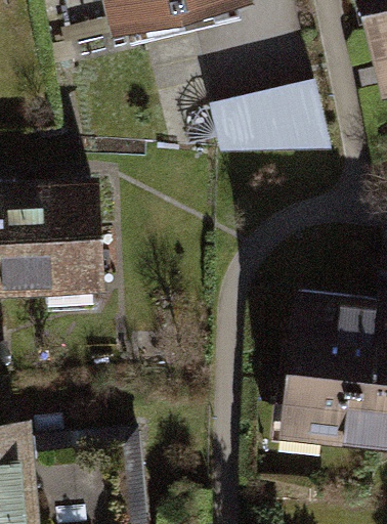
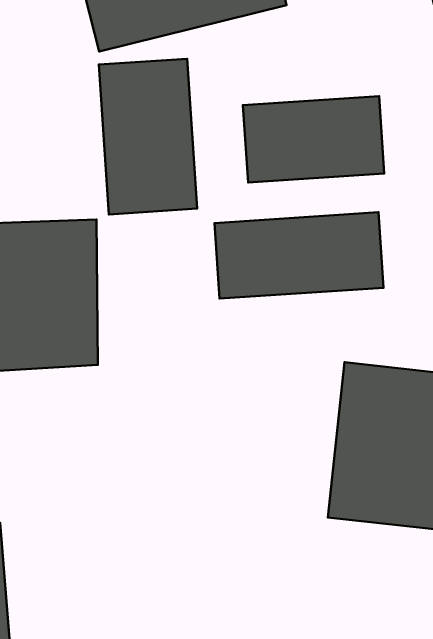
building: none -> [99,59,197,214]
building: none -> [215,212,384,299]

